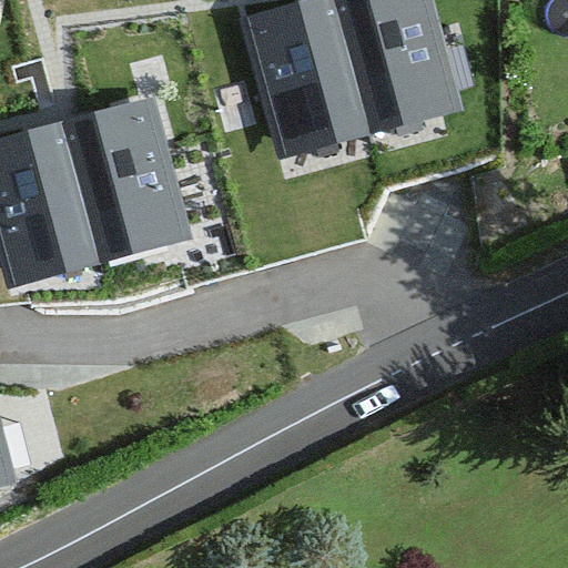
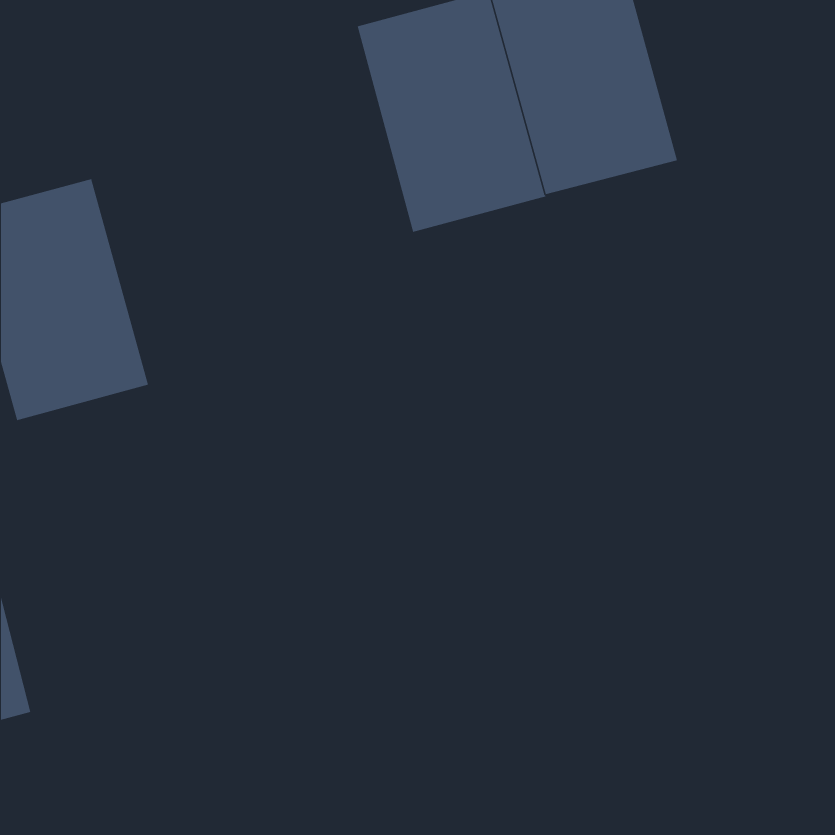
building: [63,97,192,261] -> none

